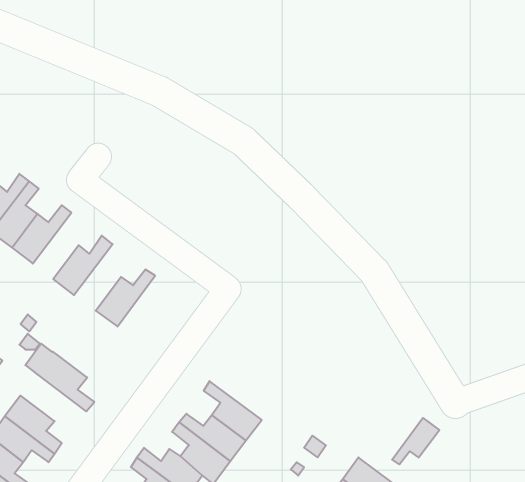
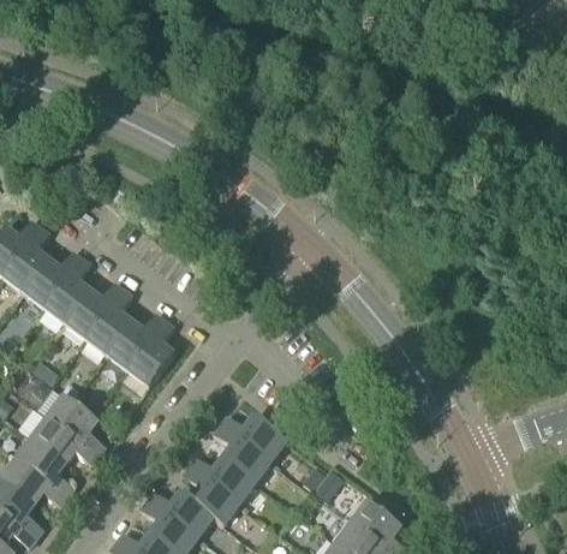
building: none -> [44,257,91,323]
building: none -> [85,288,133,355]
building: none -> [129,320,174,386]
building: none -> [220,415,287,463]
building: none -> [32,417,97,464]
building: [392,418,439,464] -> none

